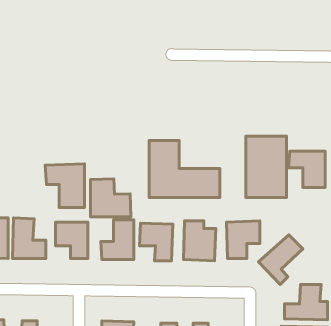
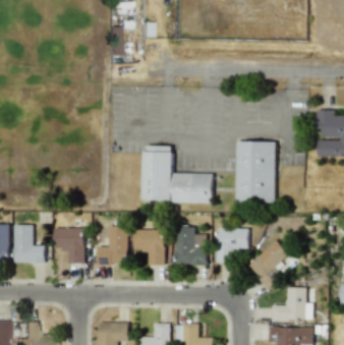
building: [289,151,325,187] -> none
building: [45,164,85,208] -> none
building: [90,179,131,217] -> none

